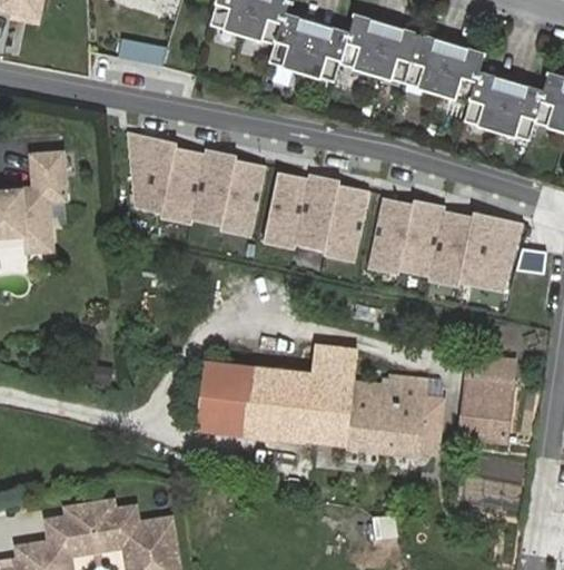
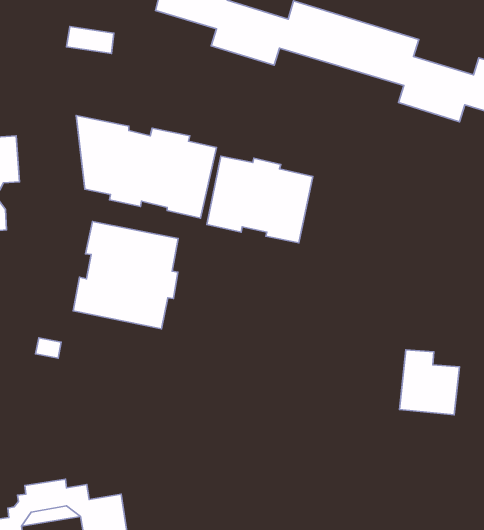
building: [366,197,523,296] -> none
building: none -> [73,222,178,329]
building: [201,347,444,455] -> none

